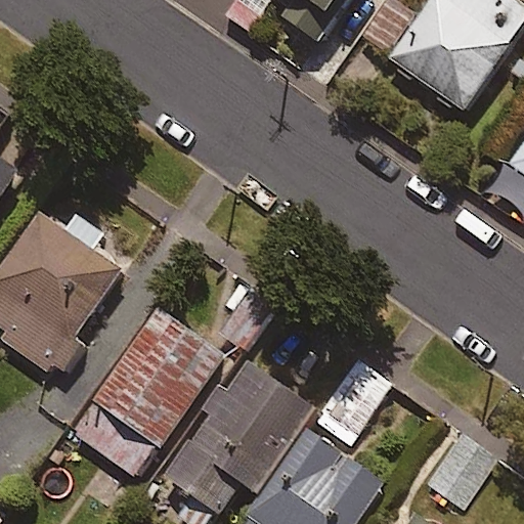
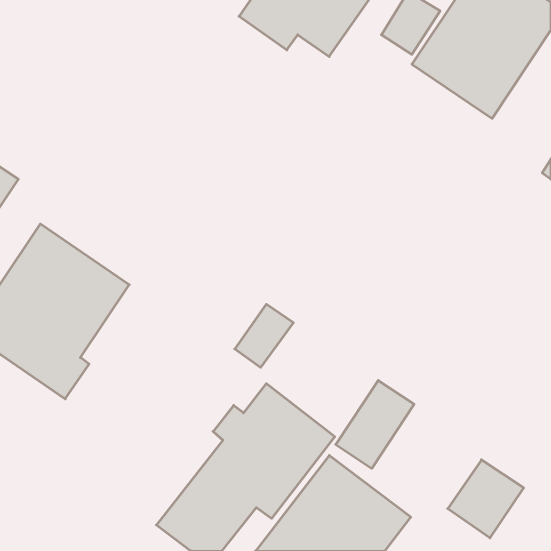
building: [71,307,225,478] -> none

